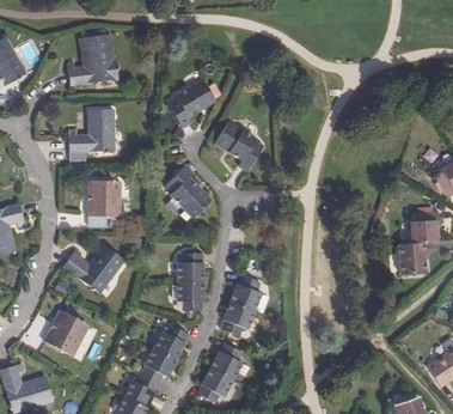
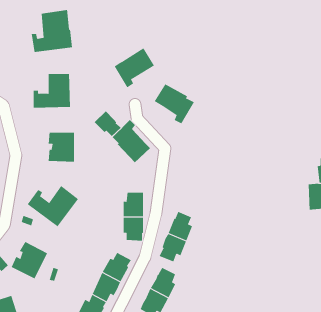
building: none -> [94,111,122,137]

